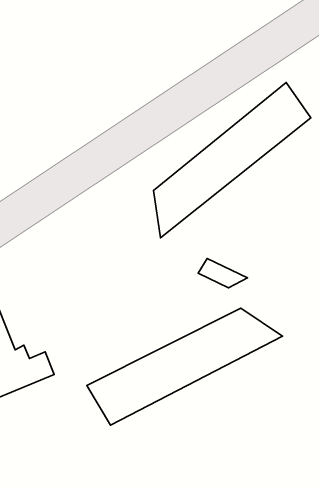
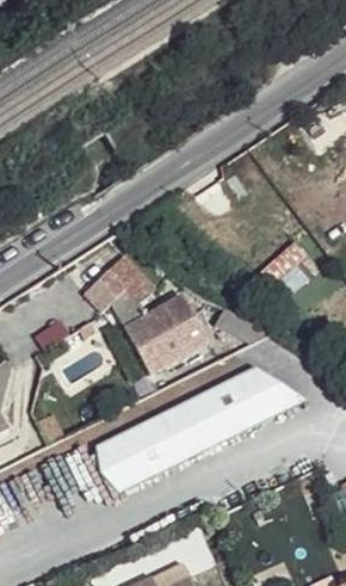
building: [154,83,311,238] -> none
building: none -> [84,254,208,375]

